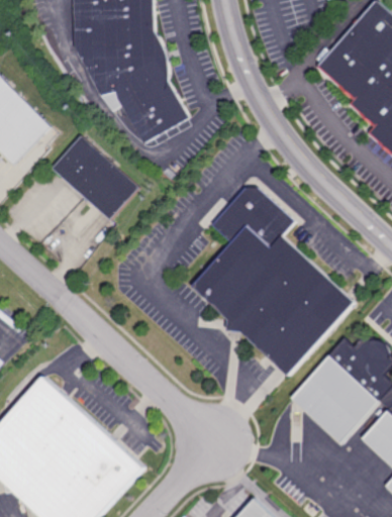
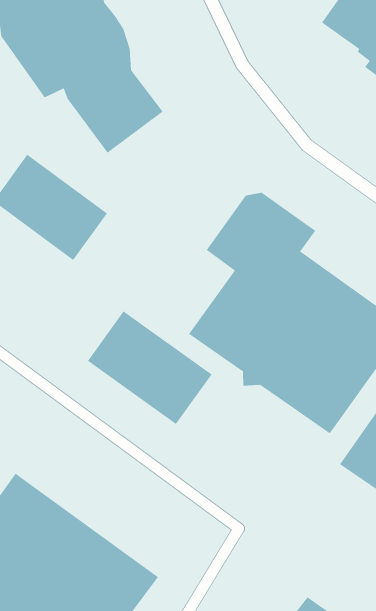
building: none -> [87,310,212,425]

